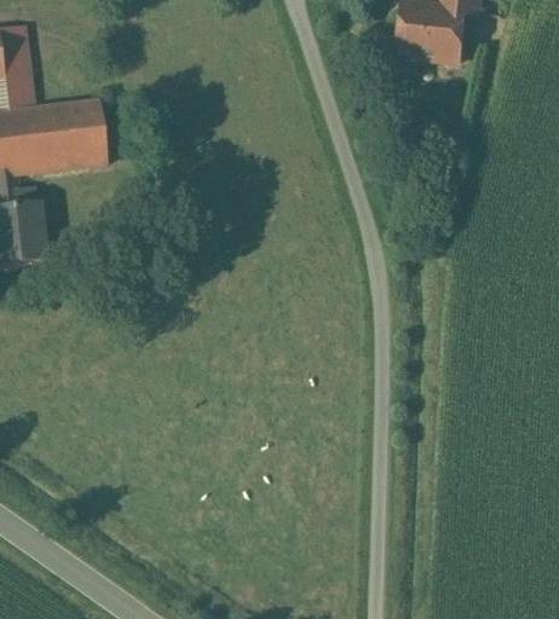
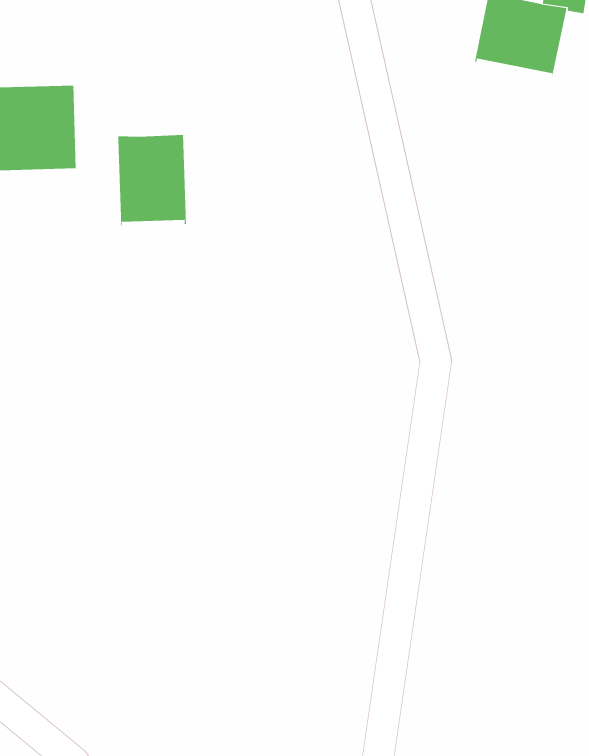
building: none -> [118,134,187,227]

